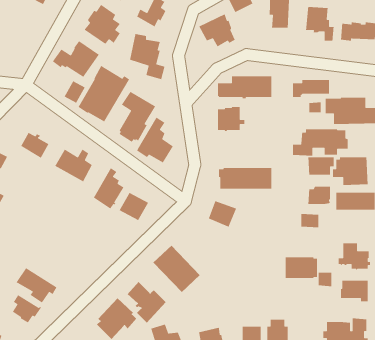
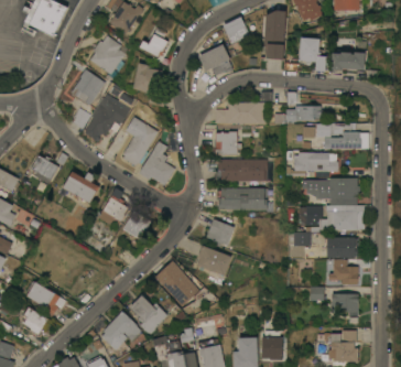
building: none -> [217,160,267,181]
building: none -> [196,246,230,276]
building: [285,257,318,279] -> [326,237,357,258]

